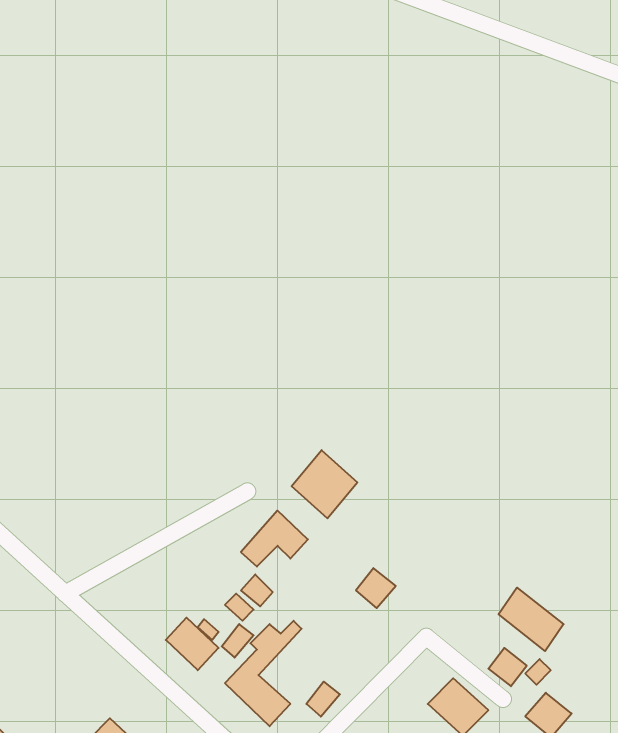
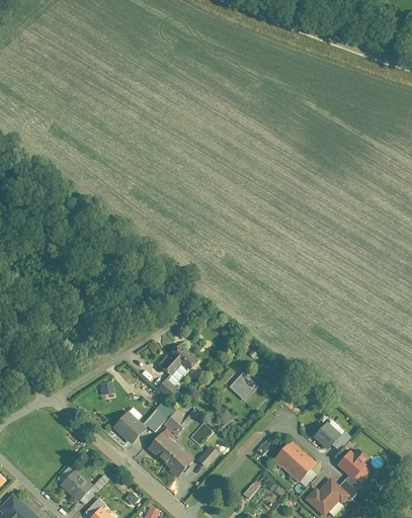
building: [292,450,357,518] -> none
building: [499,588,564,651] -> none

